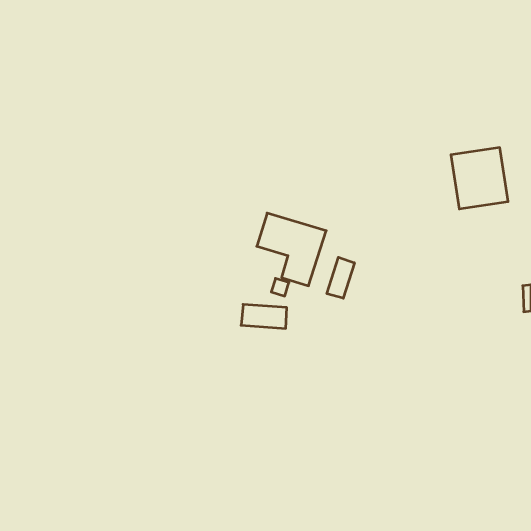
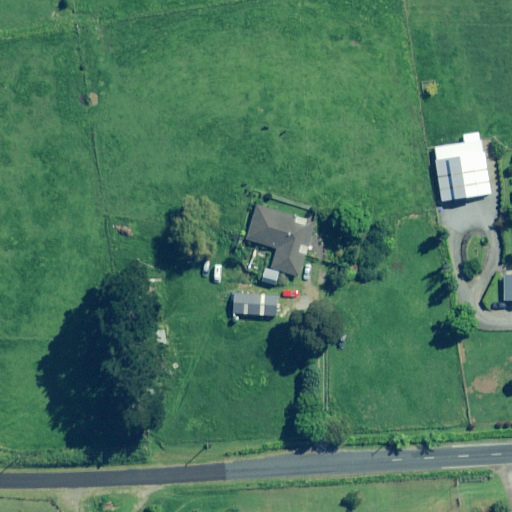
building: [327,257,354,298] -> none

